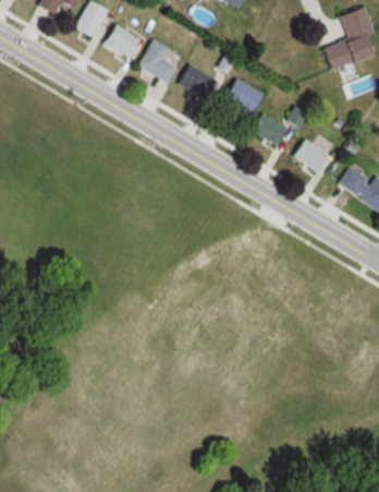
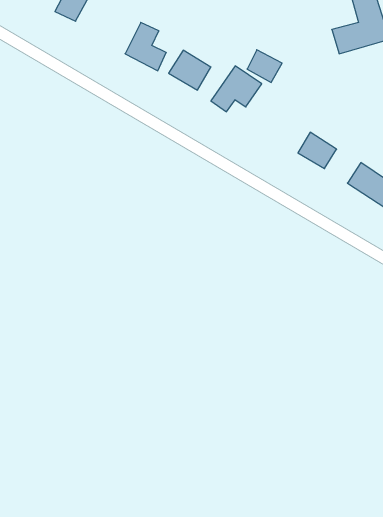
building: [105,25,140,58] -> none
building: [253,115,284,144] -> [247,50,282,82]

